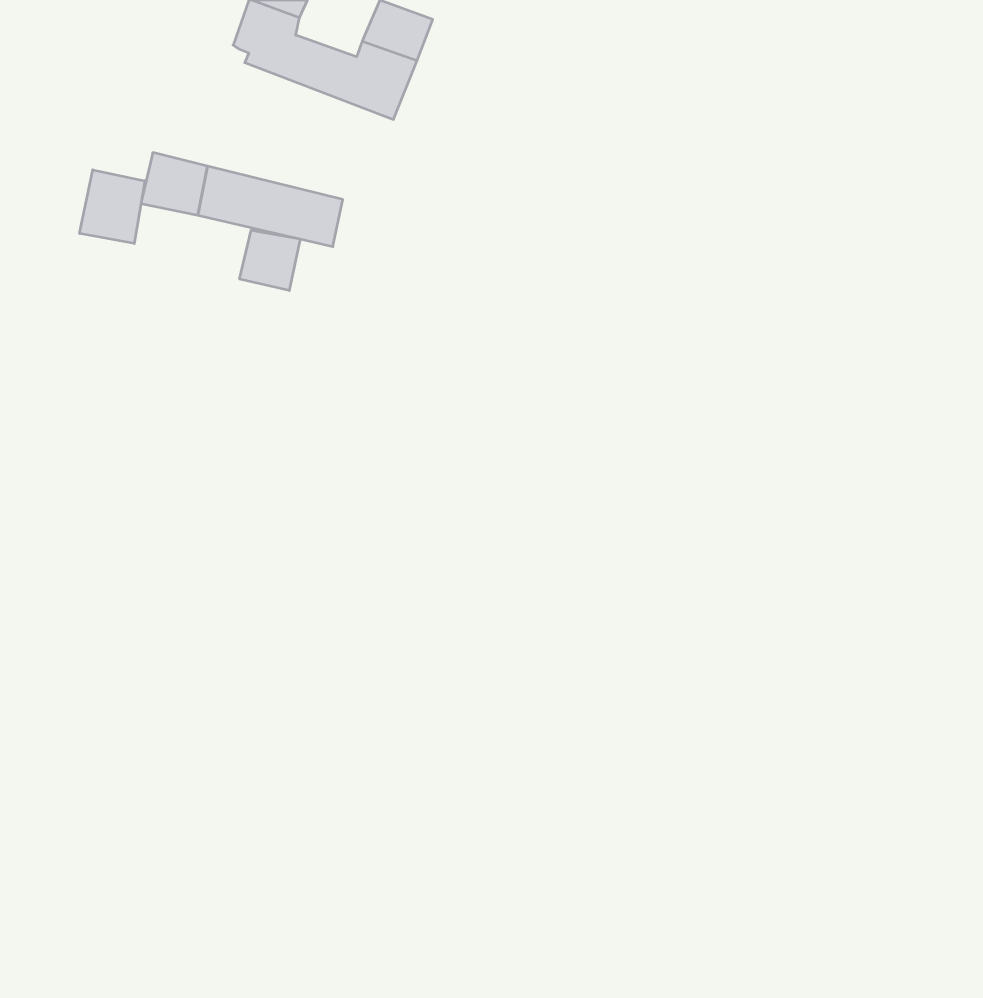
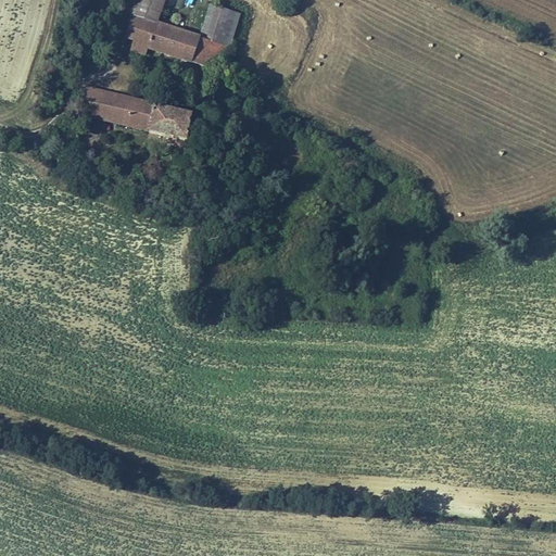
building: [80,170,145,244] -> none
building: [240,230,300,291] -> none

